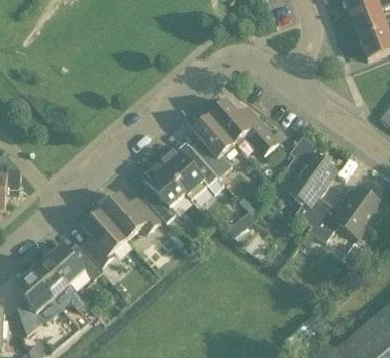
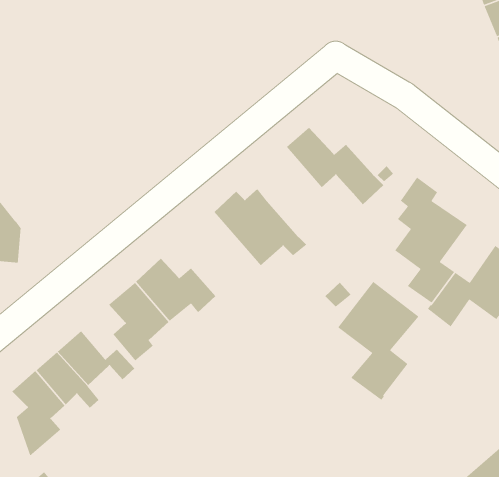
building: [193,113,235,176] -> none
building: [141,159,186,220] -> none
building: none -> [337,281,420,401]

